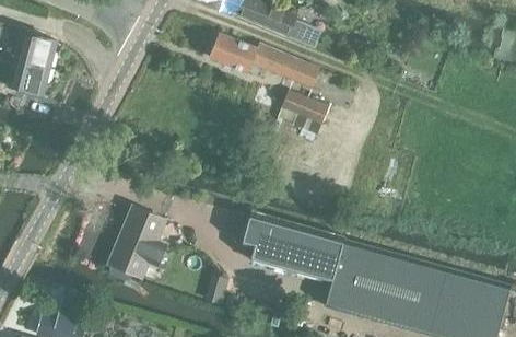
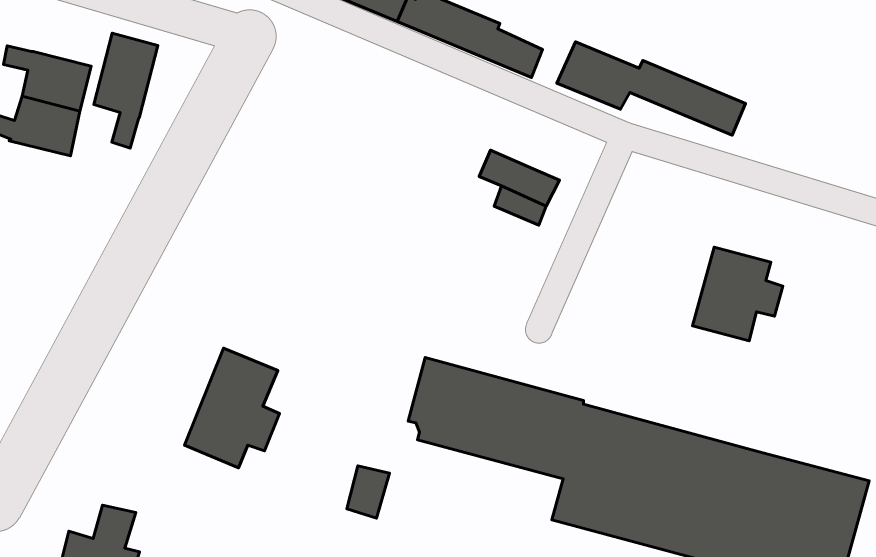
building: none -> [94,33,158,148]
building: [208,33,318,88] -> [557,42,745,135]
building: none -> [692,247,783,341]

